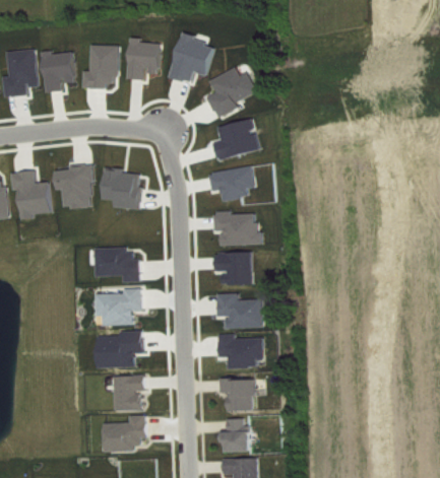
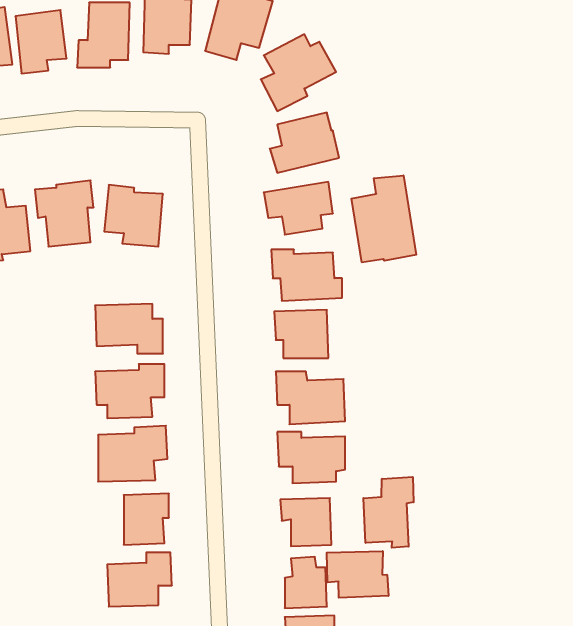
building: none -> [351,175,416,262]
building: none -> [363,477,414,548]
building: none -> [327,551,388,598]

